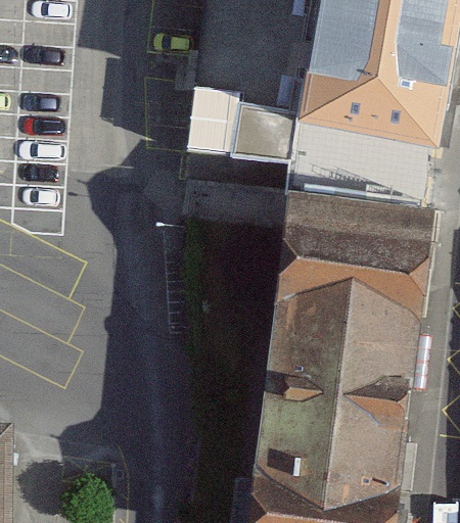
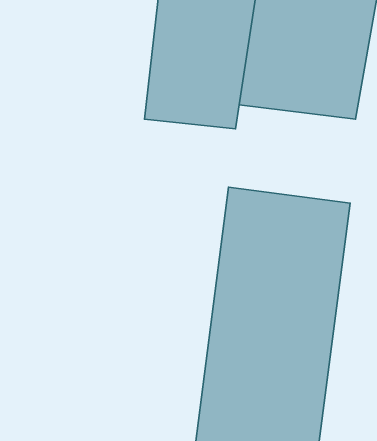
building: [286,138,441,250] -> none

